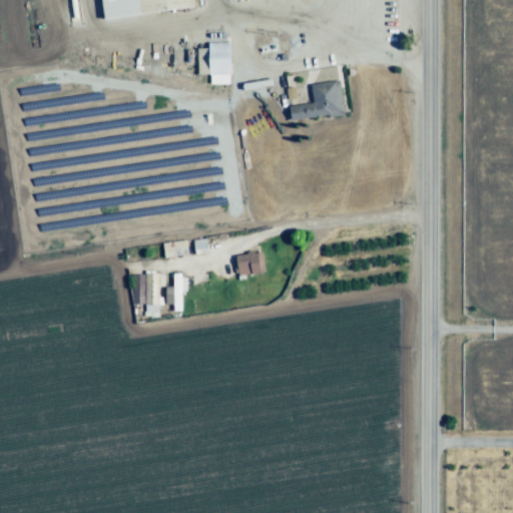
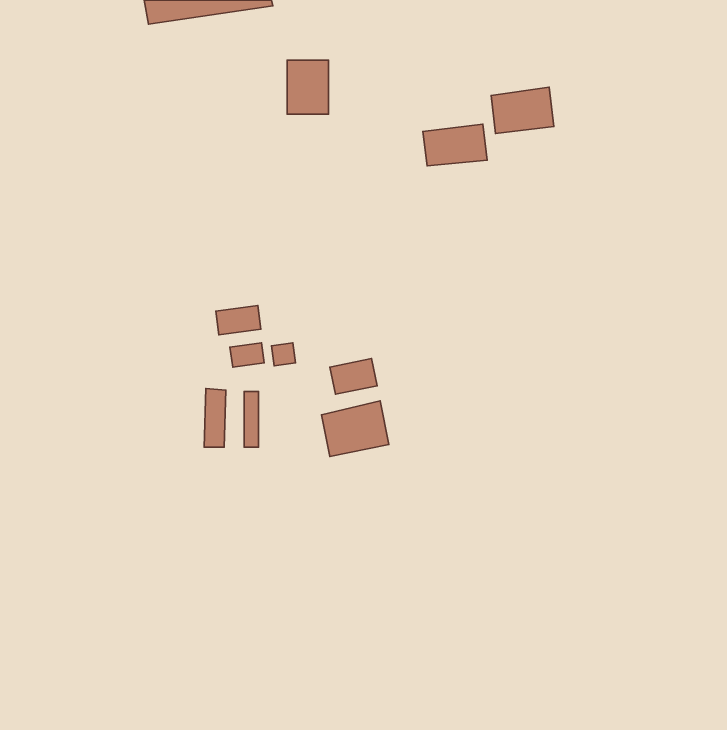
building: none -> [491,87,554,133]
building: none -> [216,305,261,335]
building: none -> [321,401,389,457]

